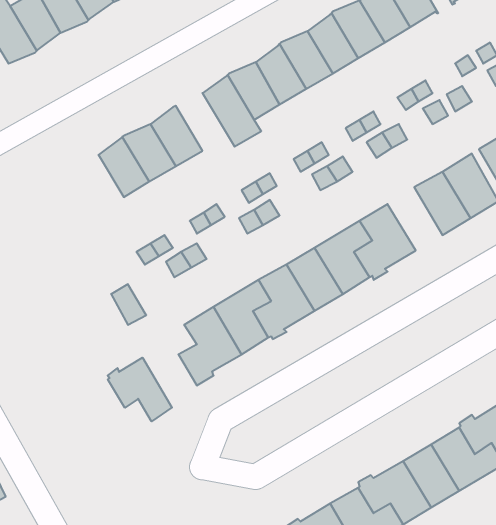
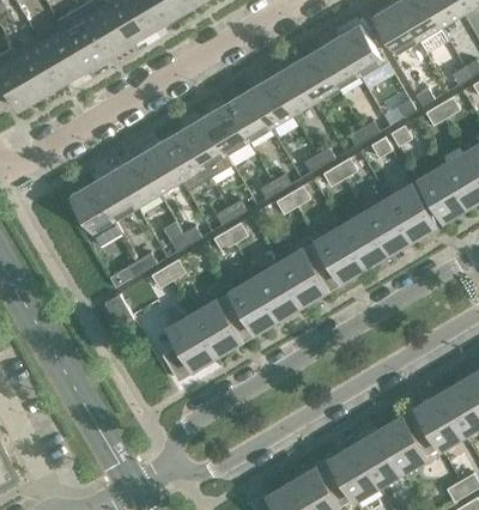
building: none -> [159,132,210,190]
building: none -> [69,184,122,247]
building: none -> [340,212,387,266]
building: [108,358,172,421] -> none

